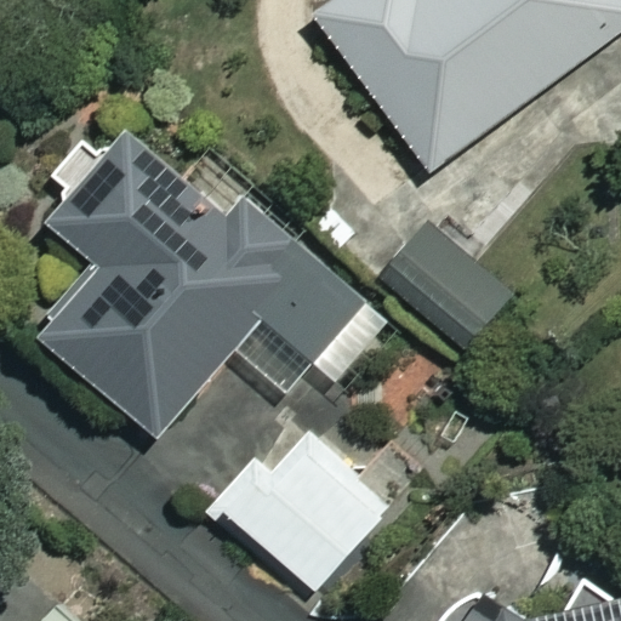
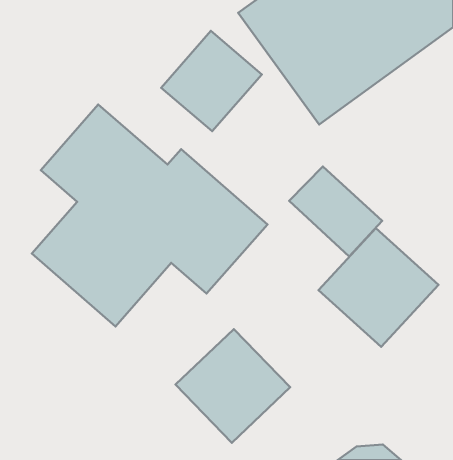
building: none -> [161,31,262,131]
building: none -> [319,228,438,347]

